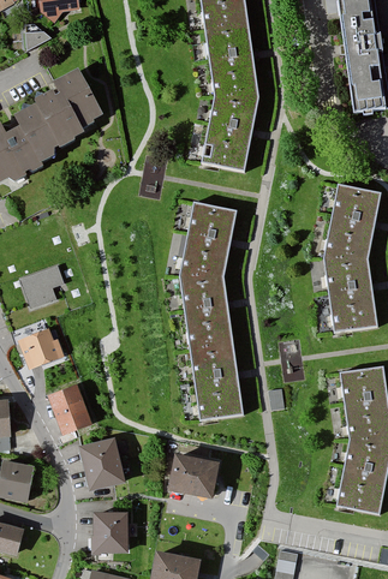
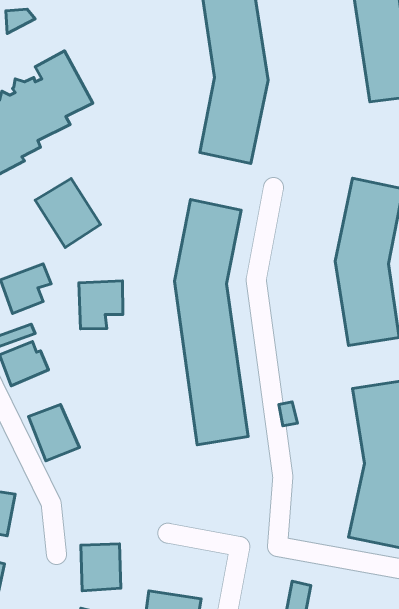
building: none -> [35,179,100,247]
building: none -> [79,281,123,329]
building: [77,436,125,490] -> none
building: [167,454,219,499] -> none

